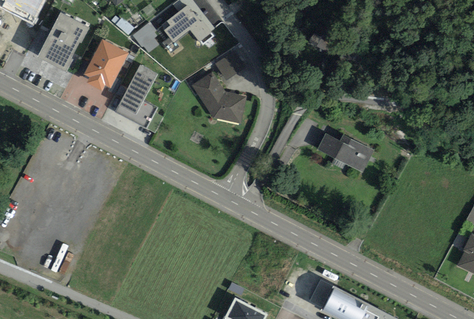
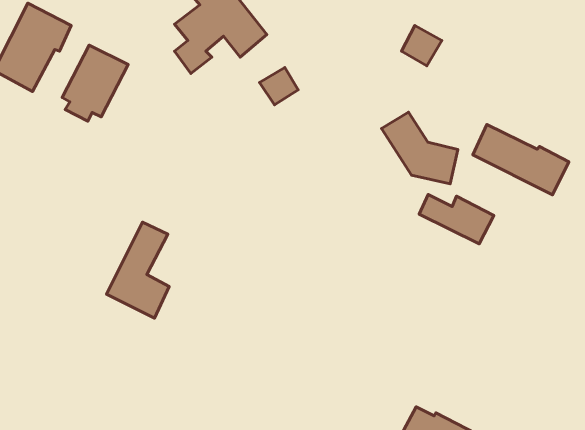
building: [135,24,159,54] -> none
building: [115,65,157,129] -> [107,222,169,318]
building: [195,75,246,123] -> [382,112,458,184]
building: none -> [473,125,569,195]

